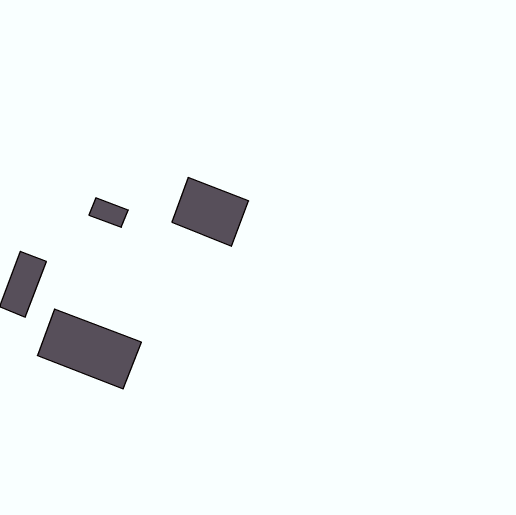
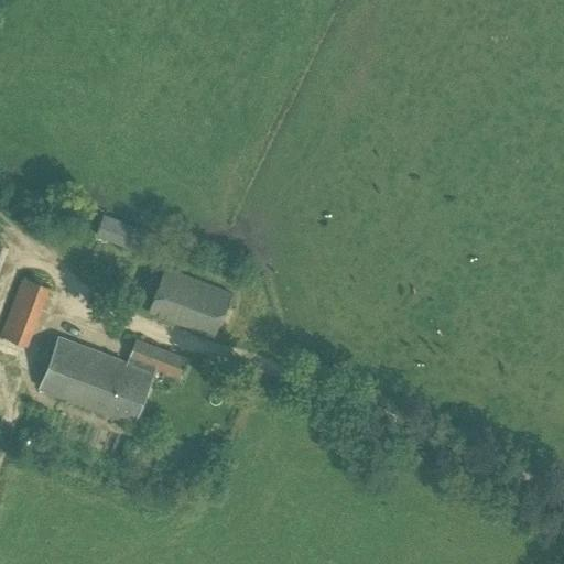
building: [172,178,249,246] -> [148,265,231,340]
building: none -> [130,338,188,379]

